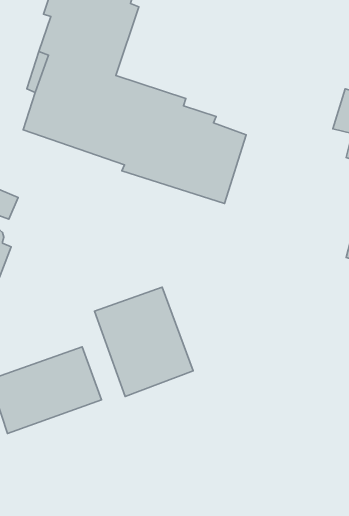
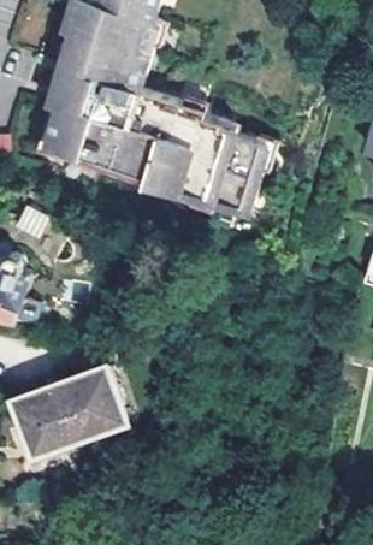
building: [95,287,193,396] -> none

